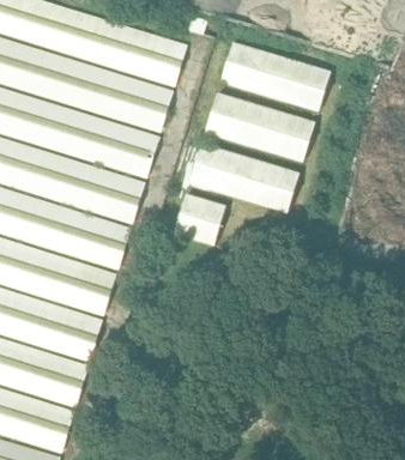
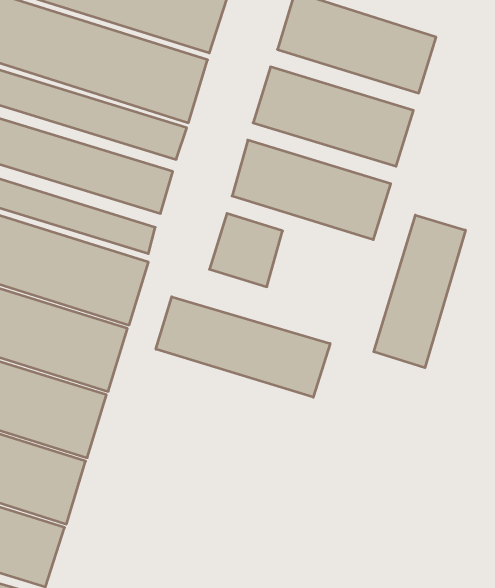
building: none -> [374,215,465,368]
building: none -> [156,297,330,397]

